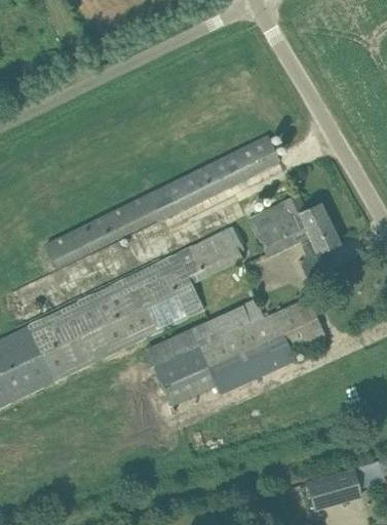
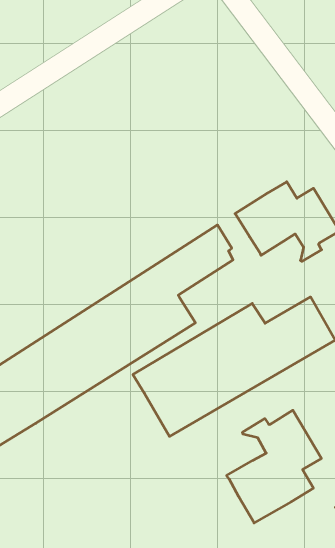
building: [46,135,279,264] -> none
building: none -> [227,410,321,523]

